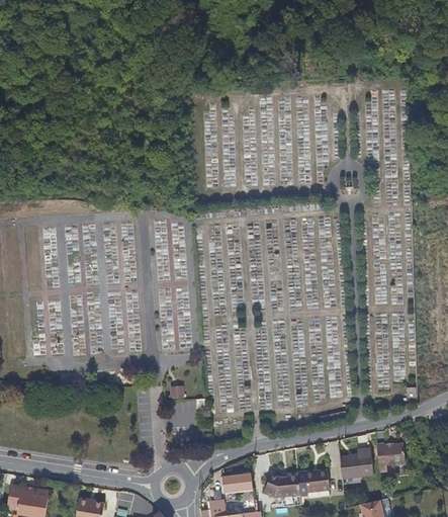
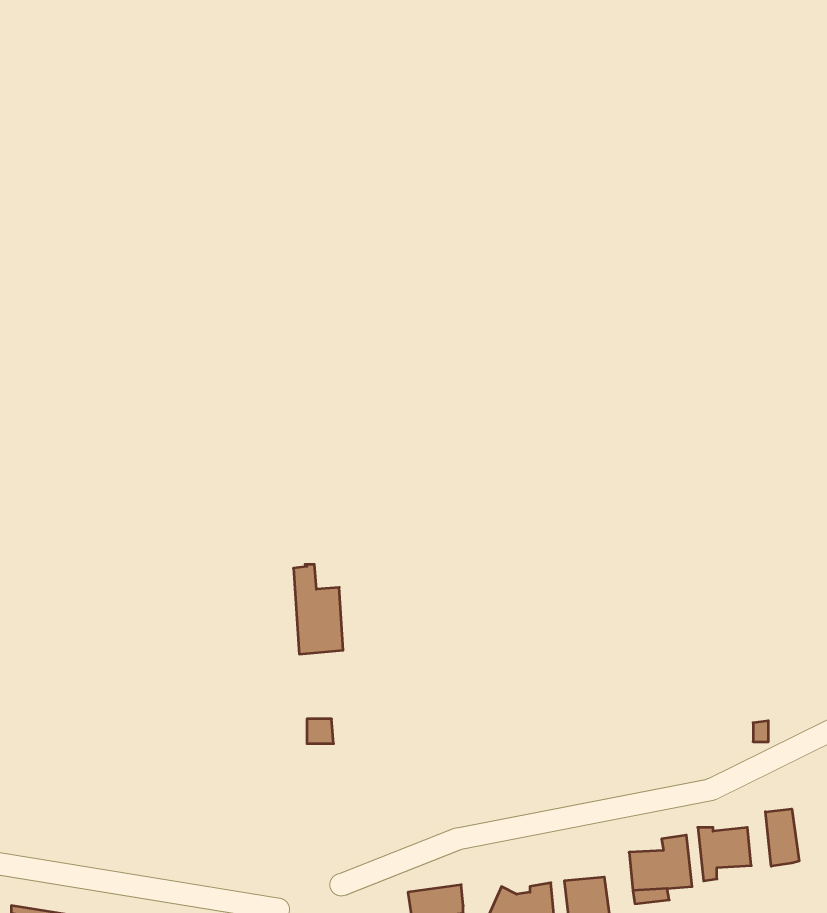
building: none -> [765,809,799,866]

